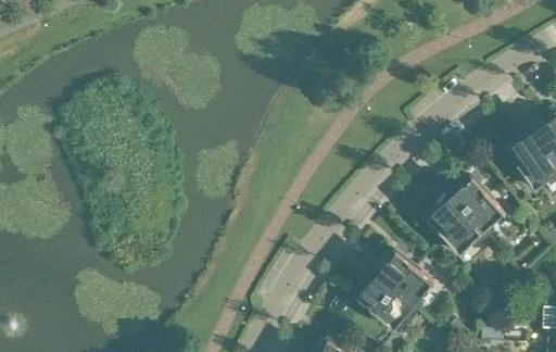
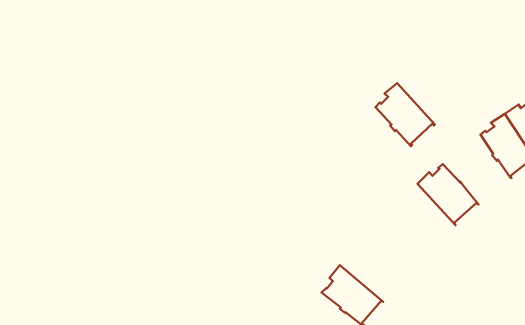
building: [426,196,482,255] -> [375,83,435,146]
building: [372,252,433,307] -> none

